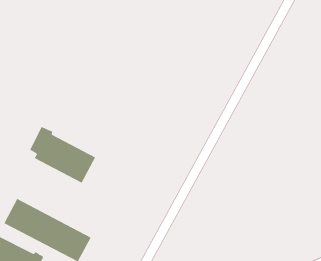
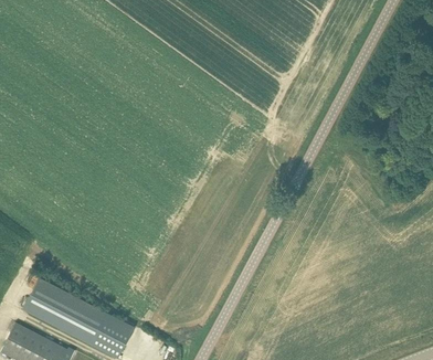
building: [29,126,96,184] -> none

